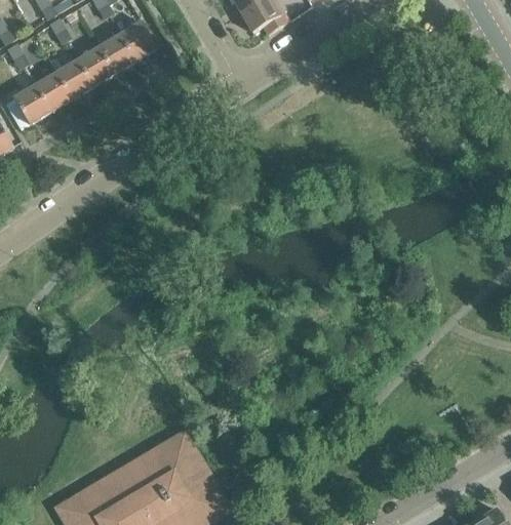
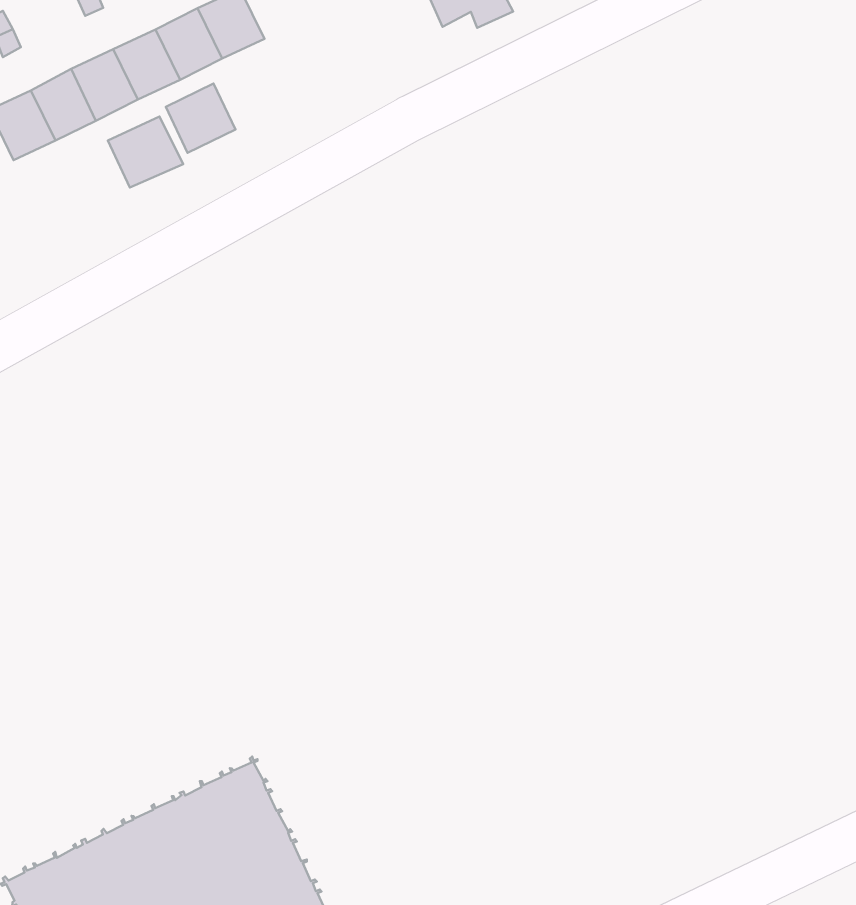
building: none -> [166,84,235,153]
building: none -> [108,116,183,188]

